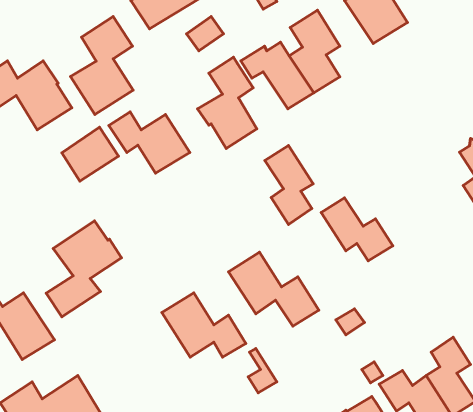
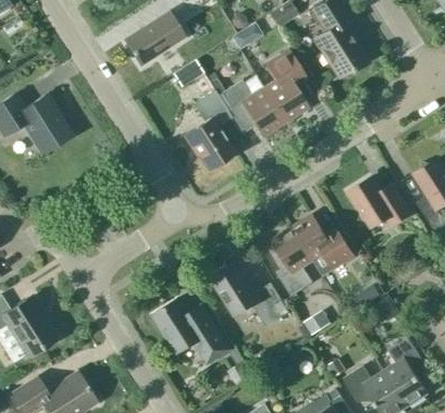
building: [71,16,133,115] -> none
building: [109,112,190,173] -> none
building: [62,127,118,181] -> none
building: [265,146,313,225] -> [271,226,313,296]
building: none -> [348,175,411,227]
building: [46,221,122,317] -> none

